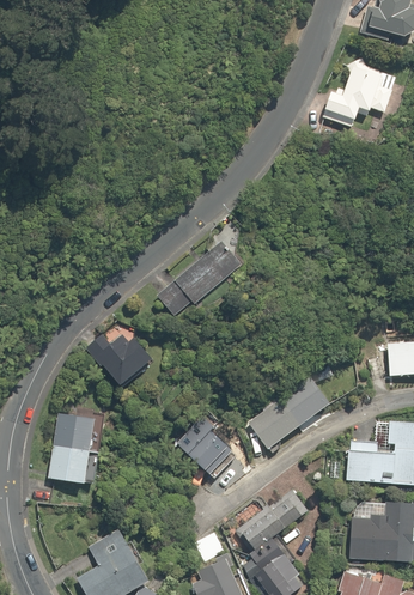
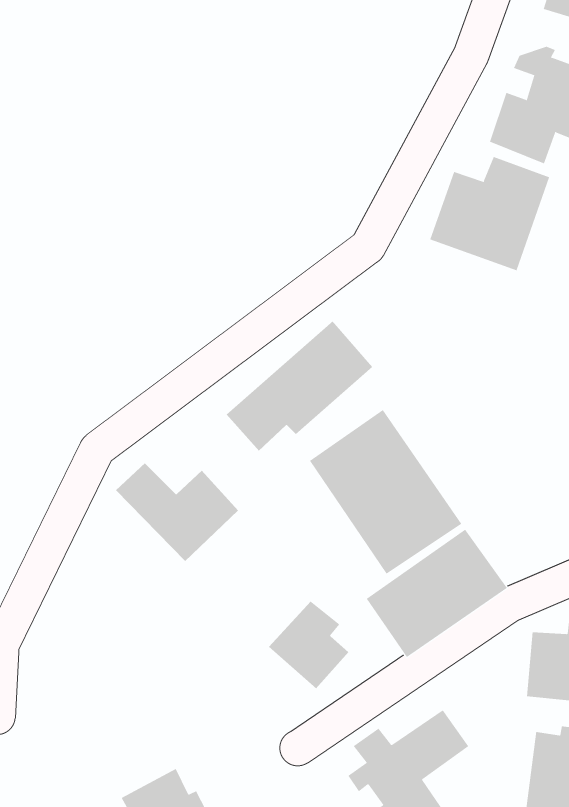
building: none -> [430,156,550,271]
building: none -> [309,409,462,574]
building: [50,412,102,486] -> none

